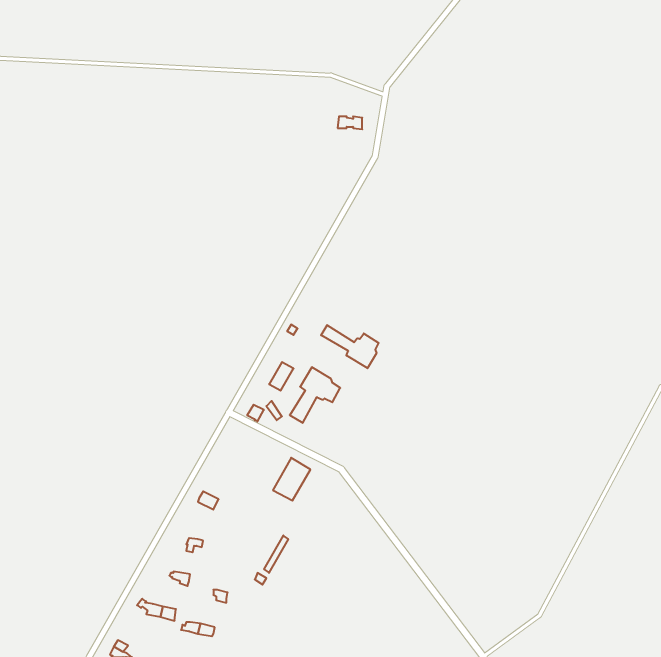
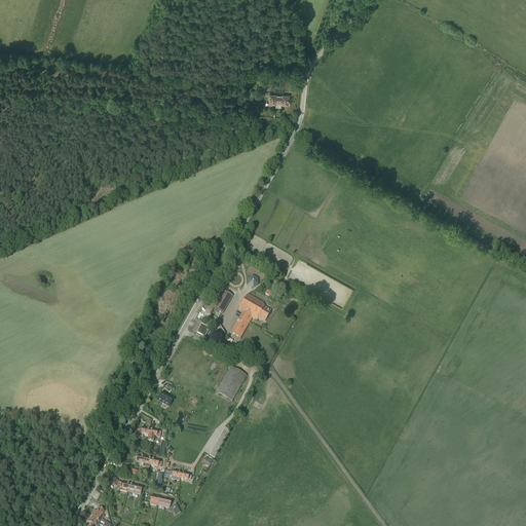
building: [321,325,379,368] -> none

